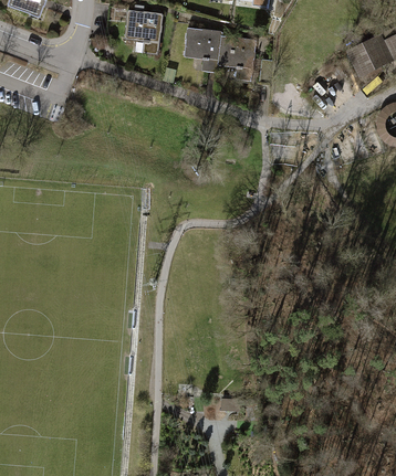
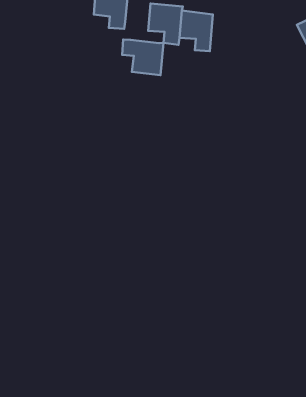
building: none -> [122,40,163,75]

